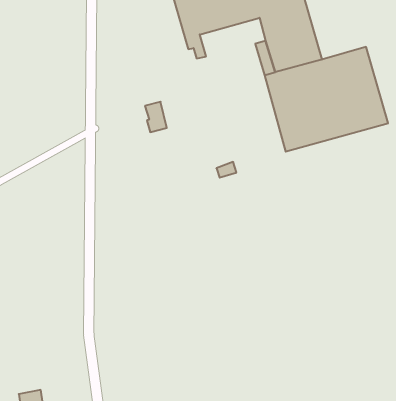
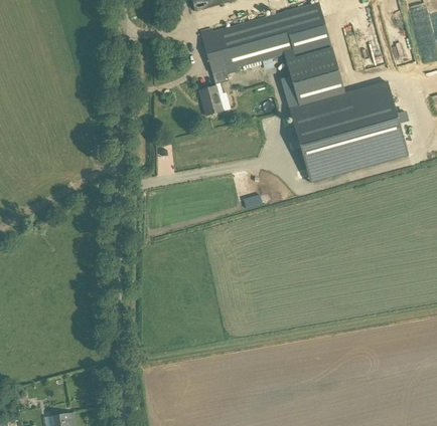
building: [145,102,167,132] -> [201,85,223,115]

